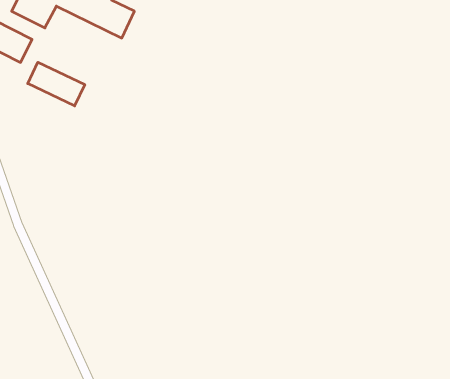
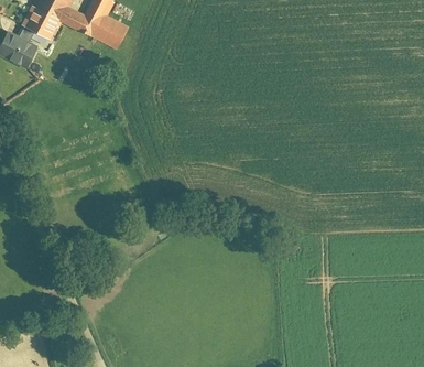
building: [28,62,85,106] -> none

